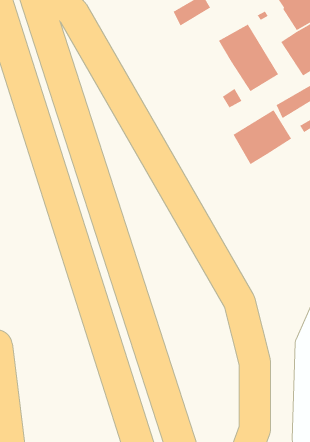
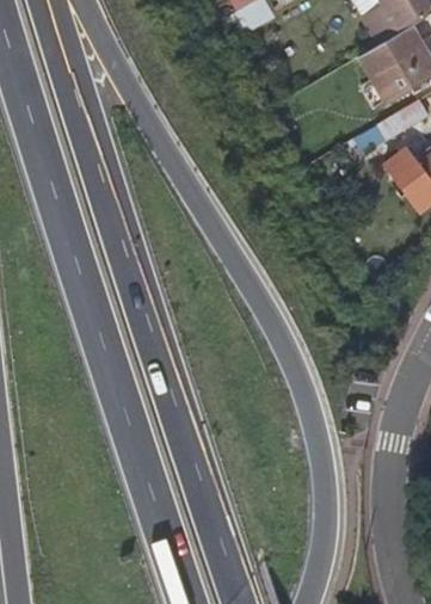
building: [218,24,279,92] -> none
building: [232,109,292,165] -> none

